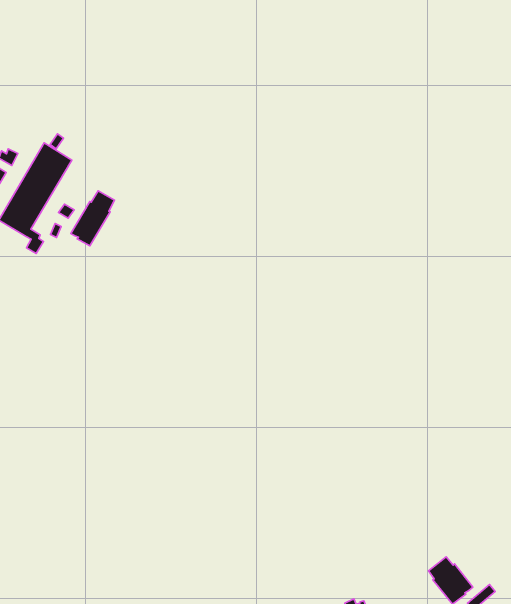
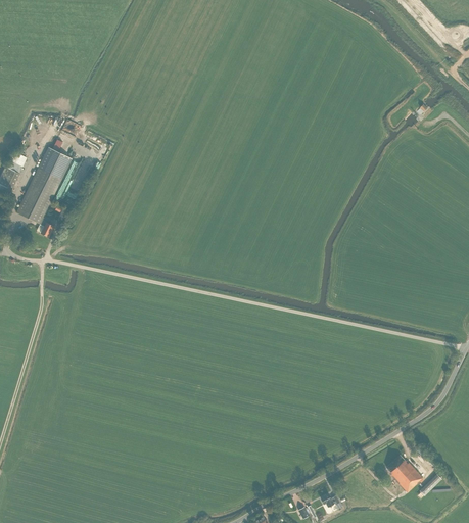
building: [71,191,115,246] -> none

